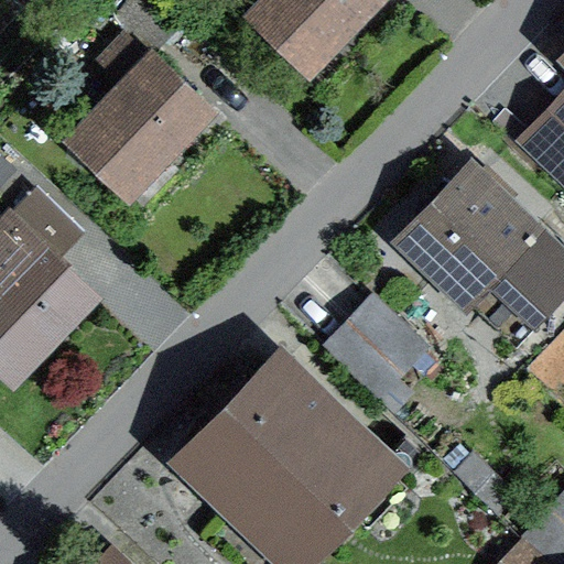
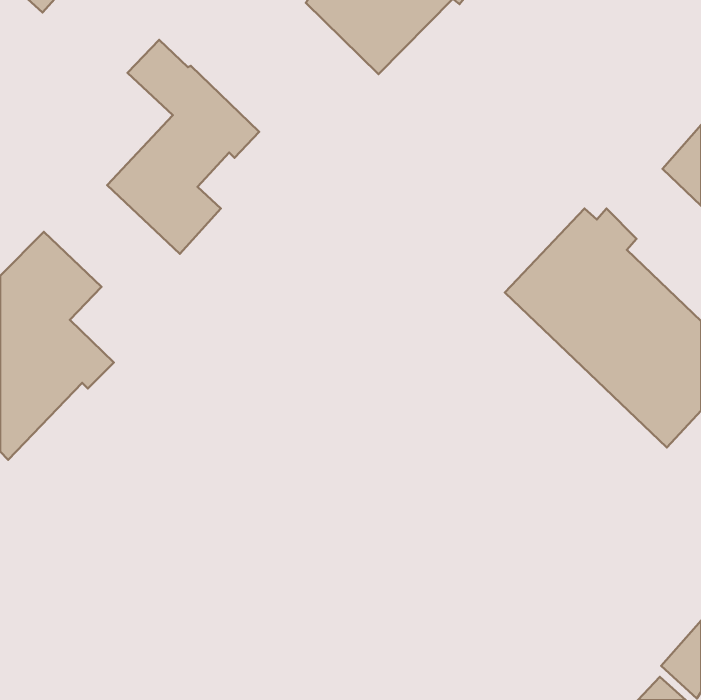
building: [329,297,423,391] -> none
building: [194,364,382,552] -> none

